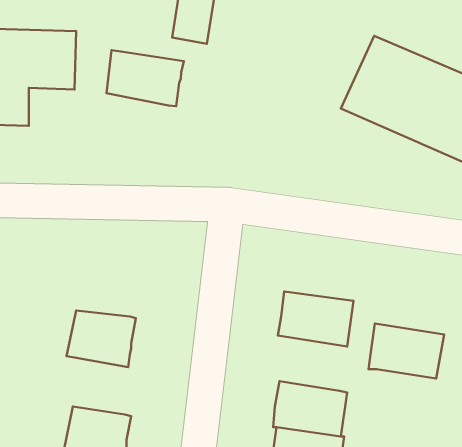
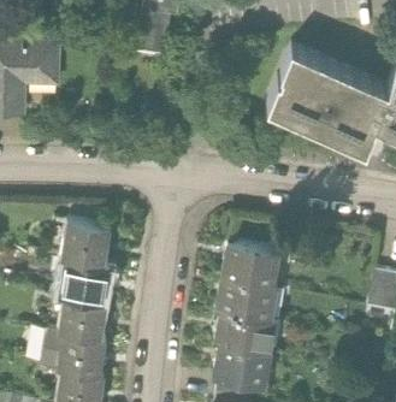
building: [106,50,184,106] -> none
building: none -> [60,223,112,267]
building: [368,323,444,379] -> [214,282,272,324]
building: none -> [57,298,108,342]

